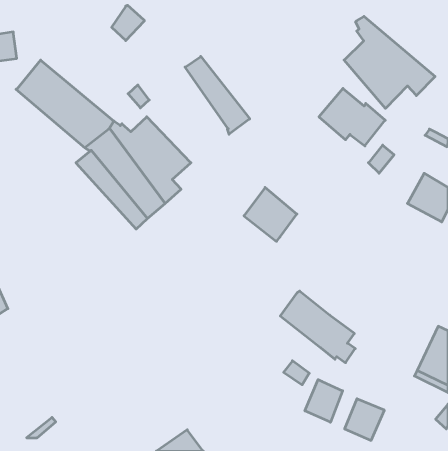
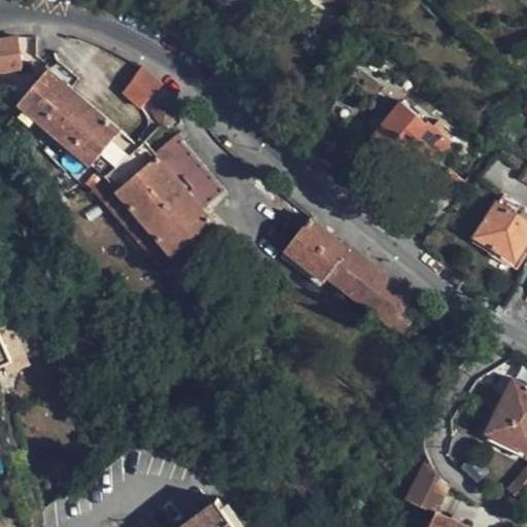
building: [112,5,144,41] -> [121,67,160,108]
building: [344,16,435,108] -> none
building: [185,56,250,134] -> none
building: [280,291,355,363] -> [326,247,414,330]
building: [305,380,343,422] -> none

